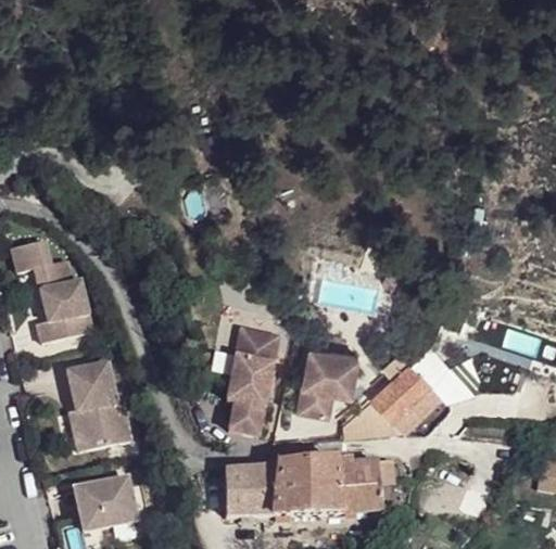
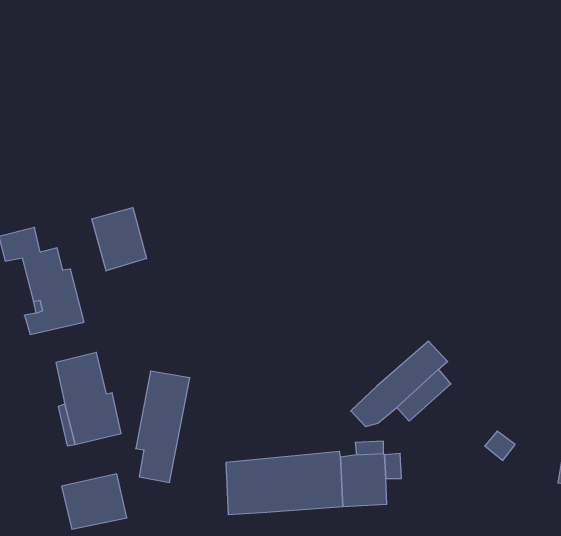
building: none -> [92,208,146,271]
building: [230,325,282,433] -> [136,371,190,482]
building: [302,343,362,411] -> none

